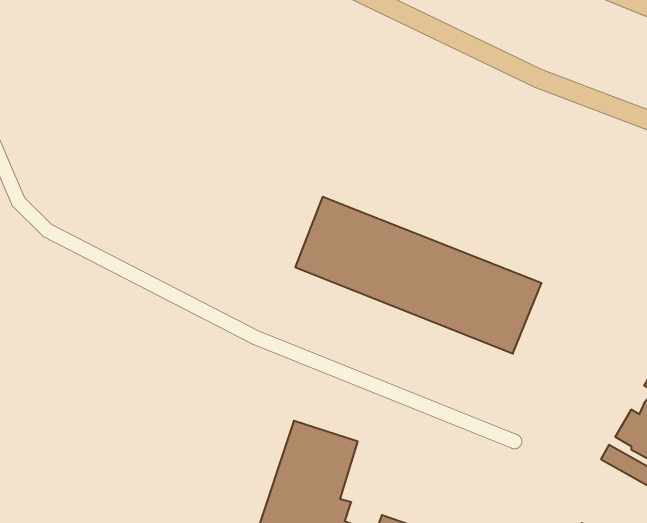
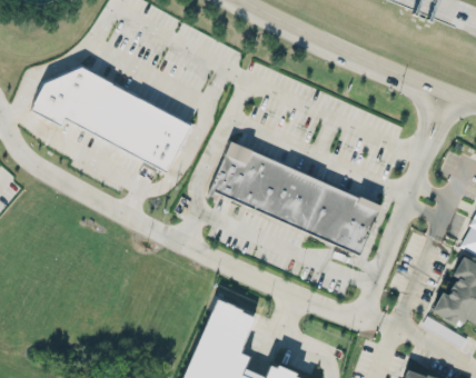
building: none -> [31,62,190,168]

